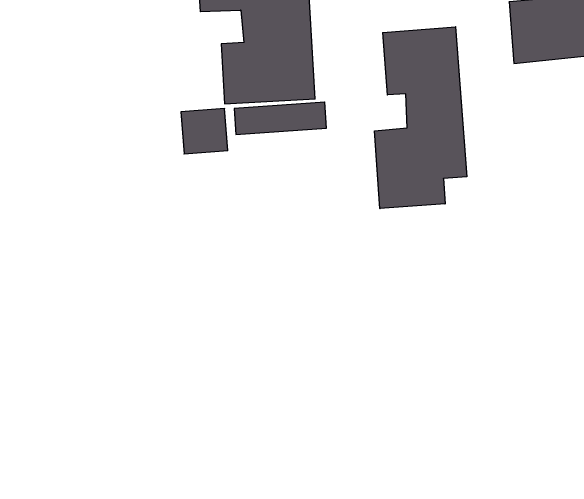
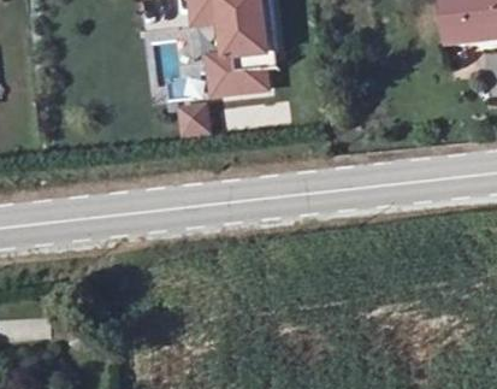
building: [375,27,467,209] -> none

